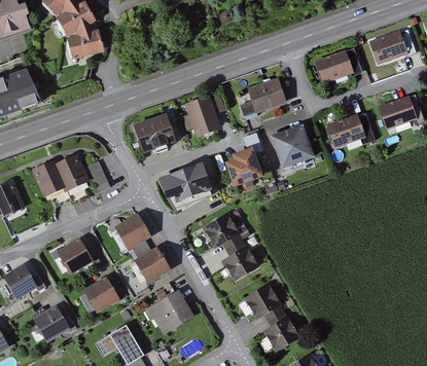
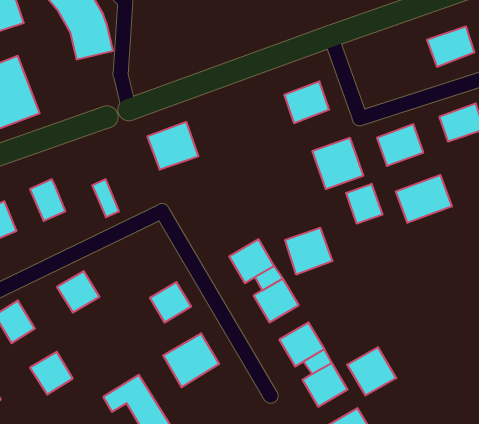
building: [314,49,353,82] -> none
building: [184,95,221,137] -> none
building: [223,147,263,186] -> [285,228,333,274]
building: [55,154,85,186] -> none
building: none -> [396,175,452,223]
building: none -> [346,184,382,224]
building: [161,164,211,208] -> none
building: [114,212,150,247] -> none
building: [84,276,119,309] -> none
building: none -> [347,347,396,396]

